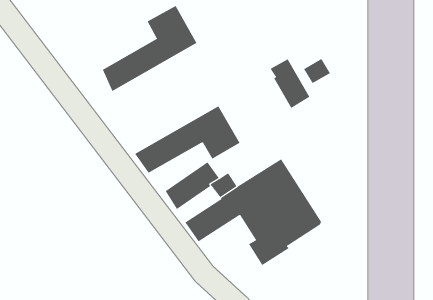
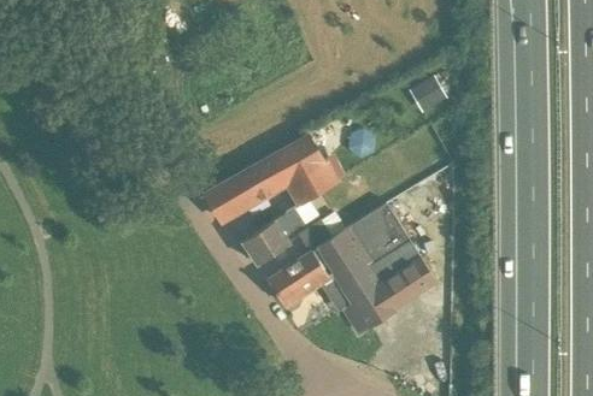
building: [102,5,197,92] -> none
building: [270,58,310,109] -> none

